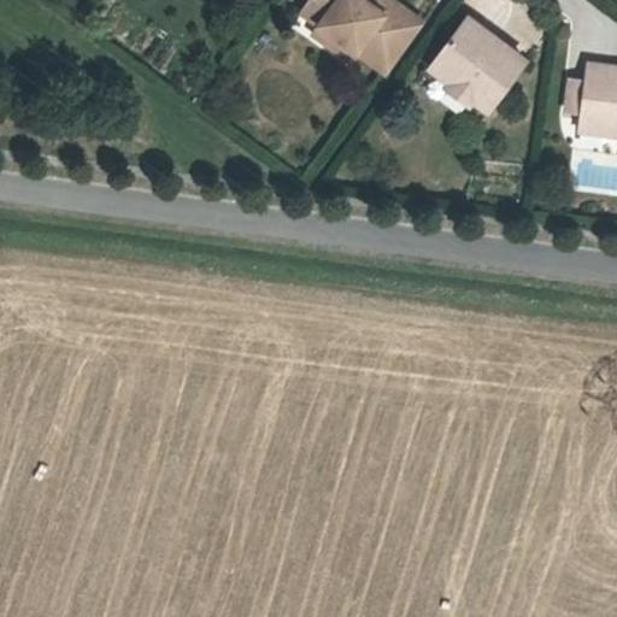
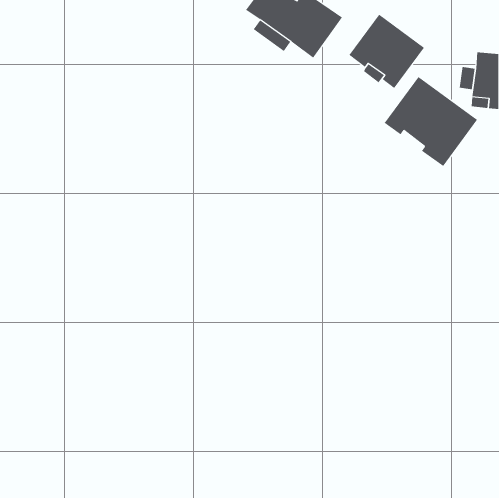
building: none -> [384,76,478,167]

